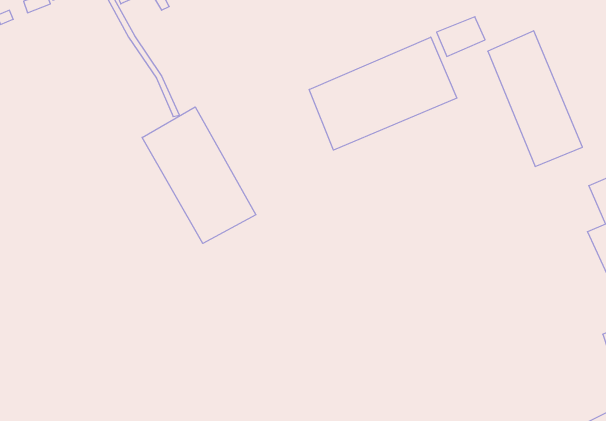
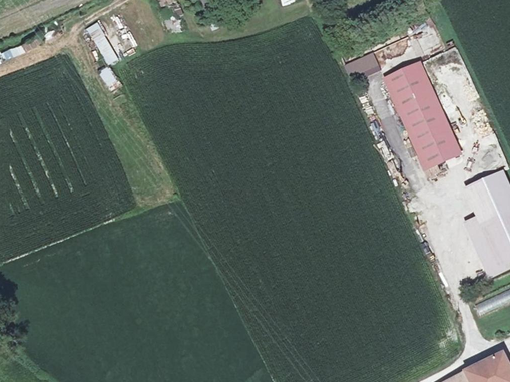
building: [309,37,457,150] -> none
building: [142,107,256,243] -> none

